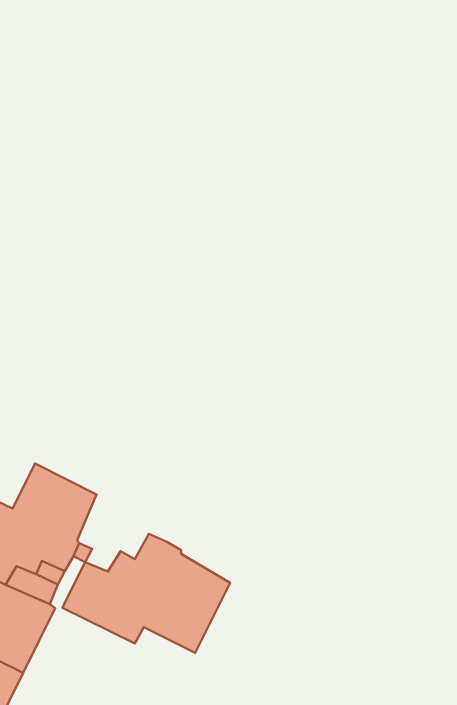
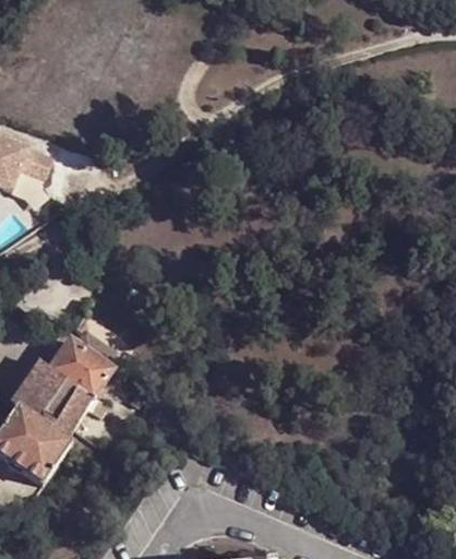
building: [62,534,230,653] -> none

